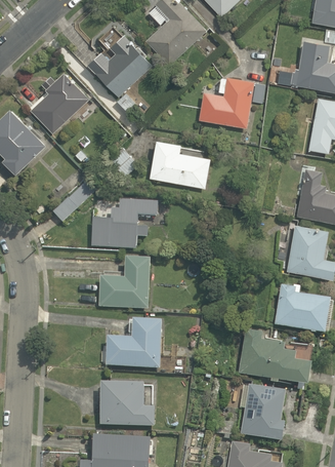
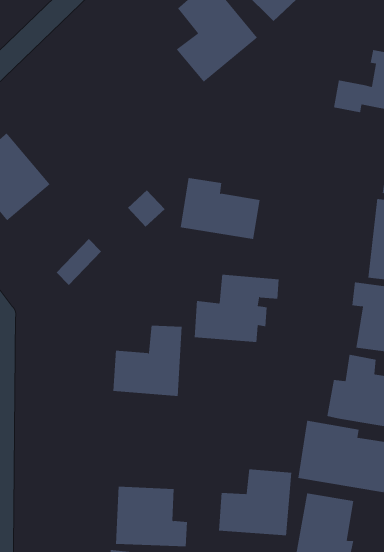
building: [87,37,152,96] -> none
building: [30,70,91,133] -> none
building: [198,75,254,128] -> none
building: [88,197,155,250] -> [194,274,279,343]
building: [106,316,163,368] -> [218,469,292,536]

